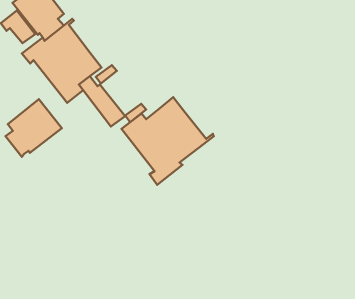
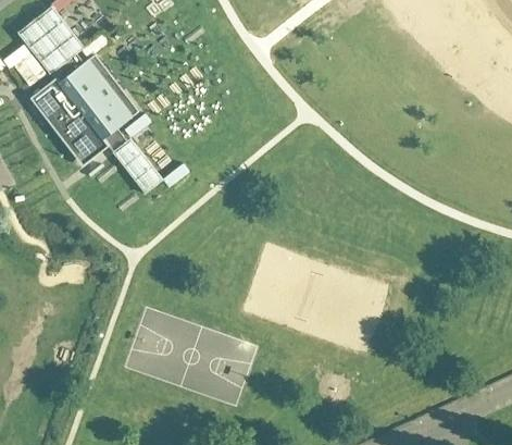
building: [122,97,214,185] -> none
building: [6,99,62,157] -> none

